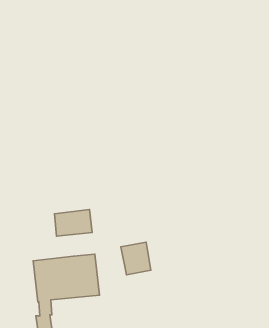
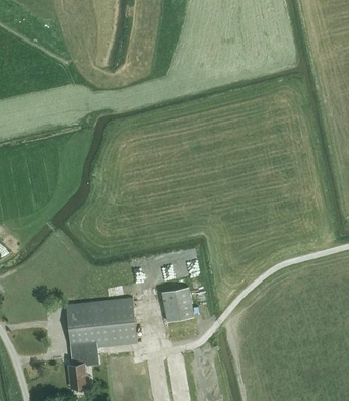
building: [54,209,92,236] -> none

